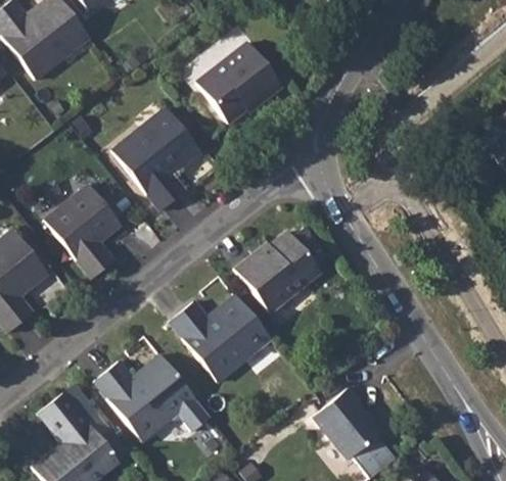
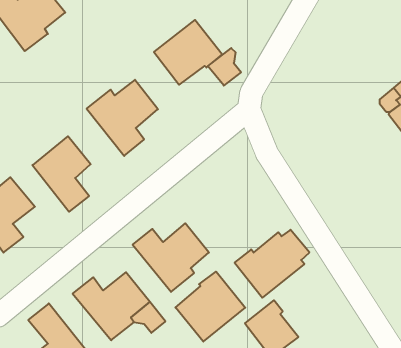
building: none -> [208,48,241,86]
building: [234,226,327,310] -> [235,230,309,298]
building: none -> [175,272,245,342]

